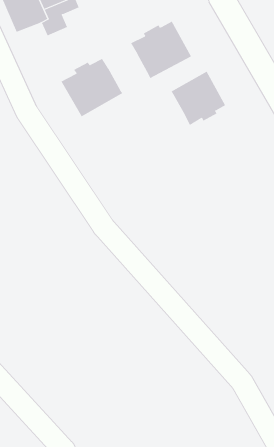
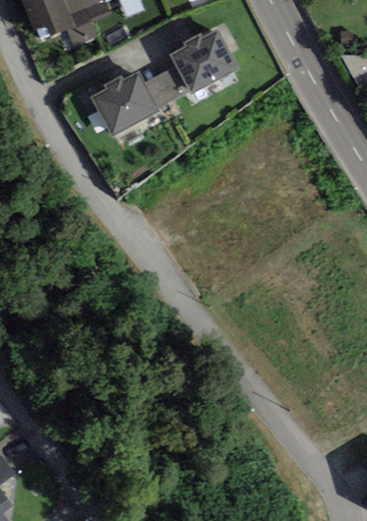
building: none -> [143,66,188,108]
building: [171,71,226,126] -> none

